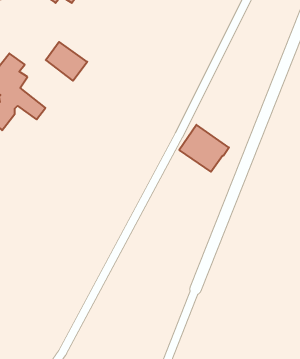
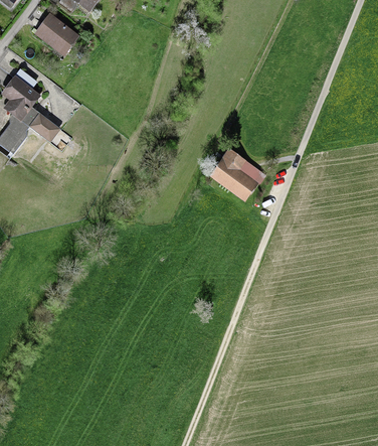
building: [46,42,87,81] -> [33,13,79,56]

